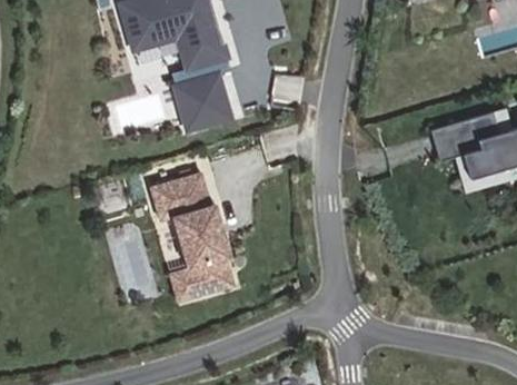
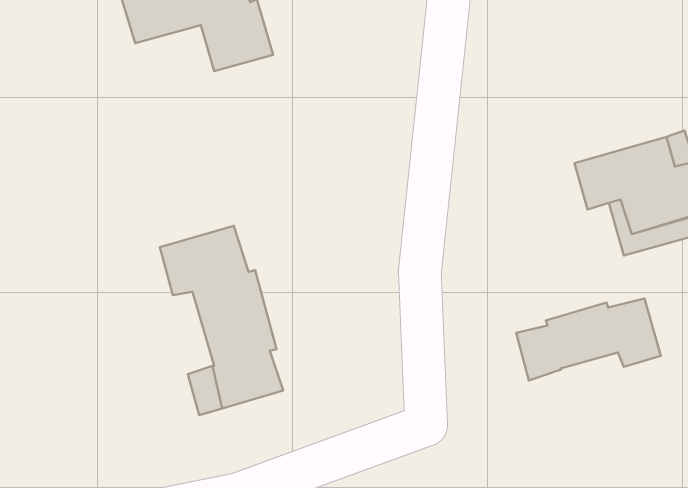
building: [173,69,236,129] -> none
building: none -> [516,299,661,380]

